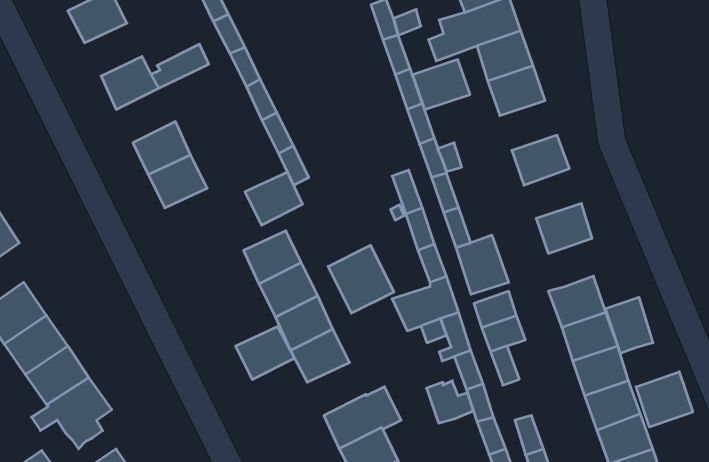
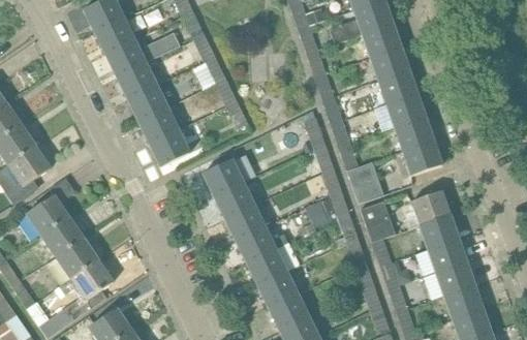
building: none -> [94,17,133,53]
building: [412,60,470,110] -> [377,69,416,103]
building: none -> [116,61,156,98]
building: none -> [394,116,433,150]
building: [245,172,303,225] -> [149,129,188,165]
building: [328,245,394,313] -> none
building: [605,297,653,353] -> none
building: [236,326,295,379] -> [246,248,286,284]
building: [636,372,693,427] -> none
building: [426,381,473,423] -> [379,258,411,287]

